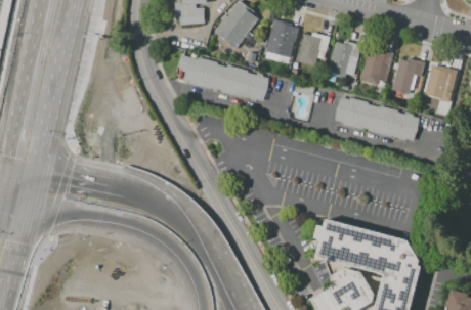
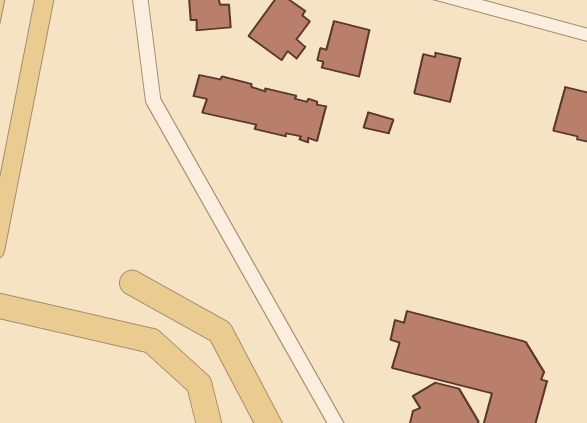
building: [297,33,330,67] -> none
building: [360,47,394,87] -> none
building: [392,58,425,95] -> none
building: [335,97,421,141] -> none

